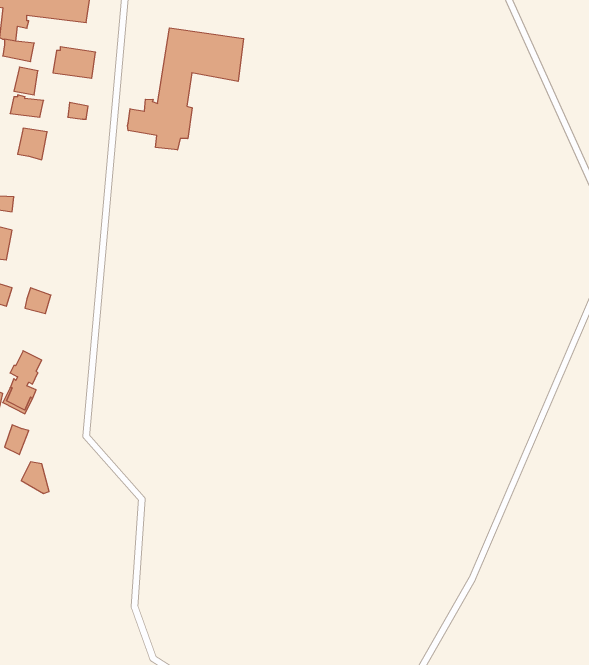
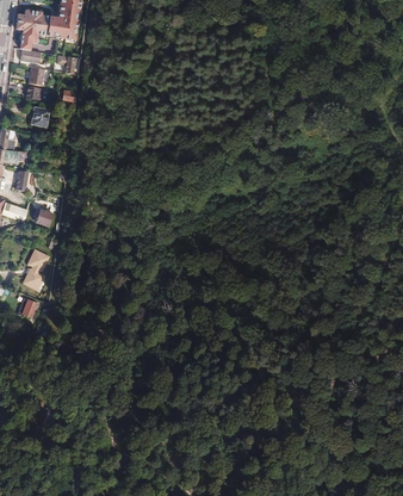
building: [128,28,244,150] -> none

